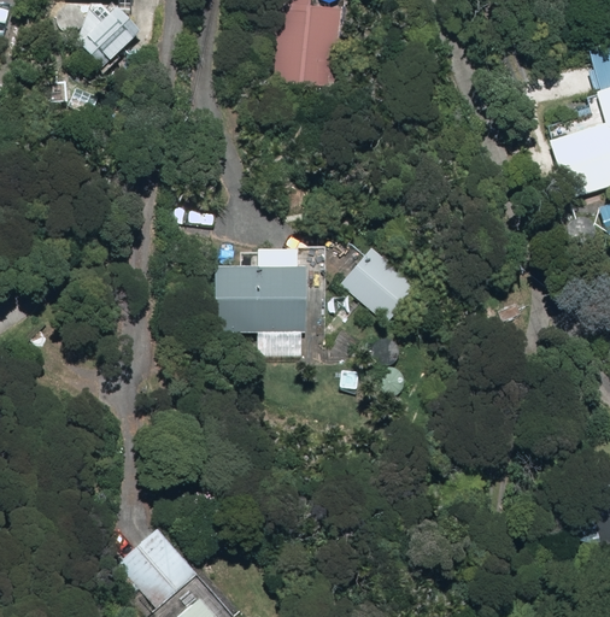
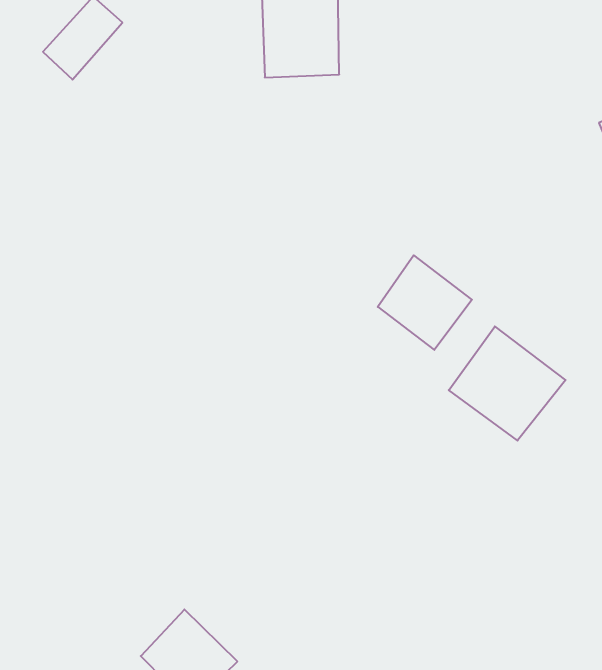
building: [227,247,319,328] -> none
building: none -> [449,326,566,441]

